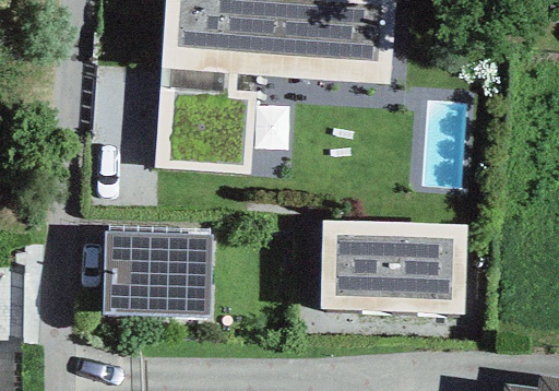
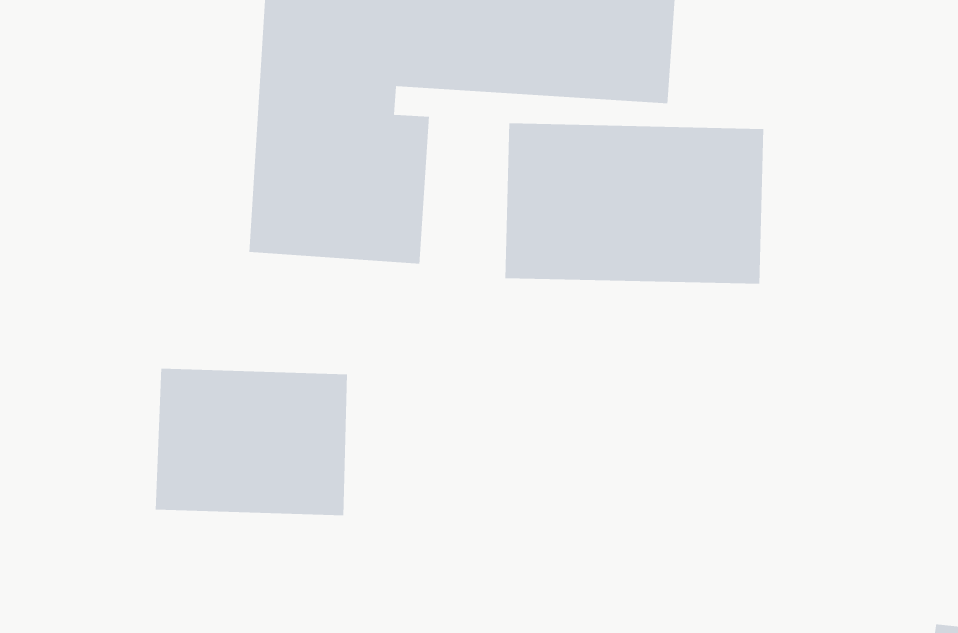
building: [321,221,466,311] -> [505,123,764,285]

